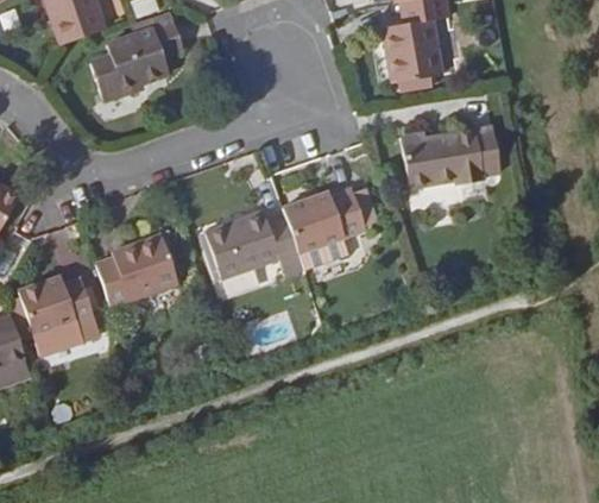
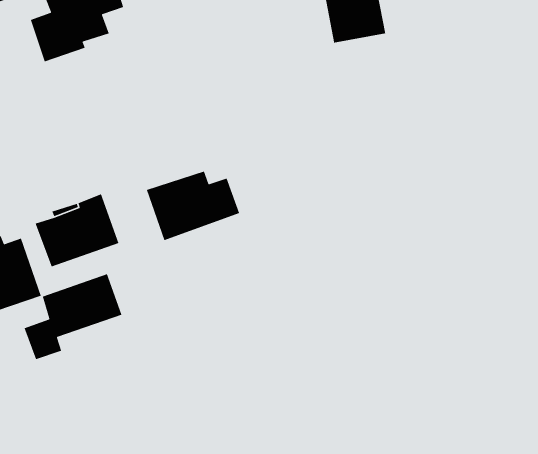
building: [399,128,500,189] -> none
building: [282,187,366,253] -> none
building: none -> [24,273,122,360]

